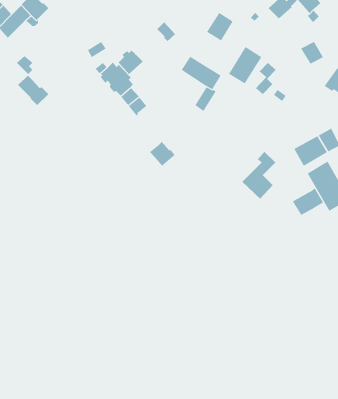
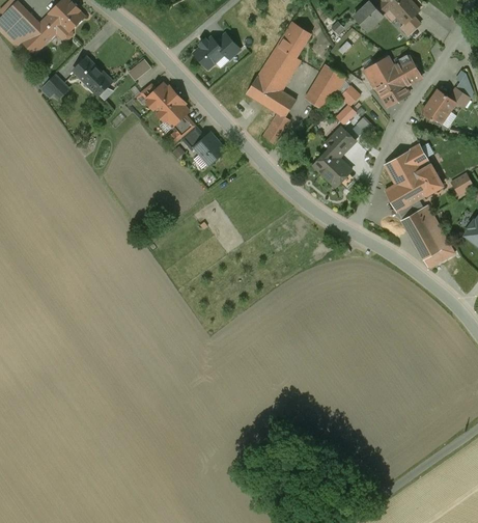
building: none -> [257,46,300,90]
building: none -> [364,56,409,106]
building: [118,50,143,75] -> [194,37,225,68]
building: [17,75,49,106] -> [73,57,112,95]
building: none -> [384,144,430,184]
building: [149,141,175,167] -> [193,133,225,164]
building: [241,151,276,200] -> [312,127,355,187]
building: [292,188,324,216] -> none

